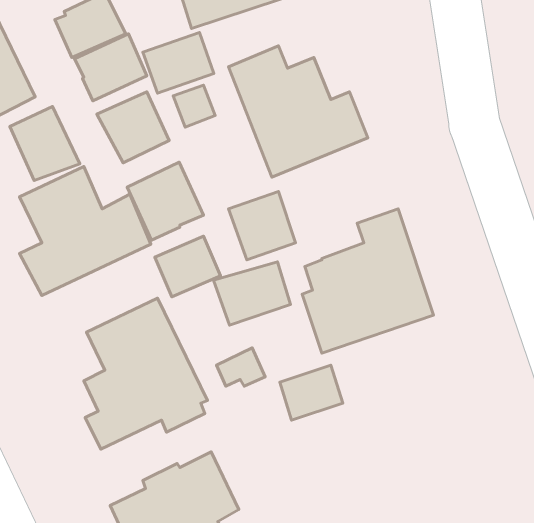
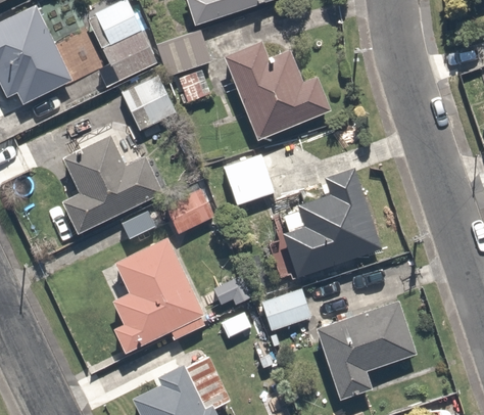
building: [10,106,80,181] -> none
building: [127,162,204,240] -> none
building: [213,262,291,325] -> none
building: none -> [314,299,418,401]

